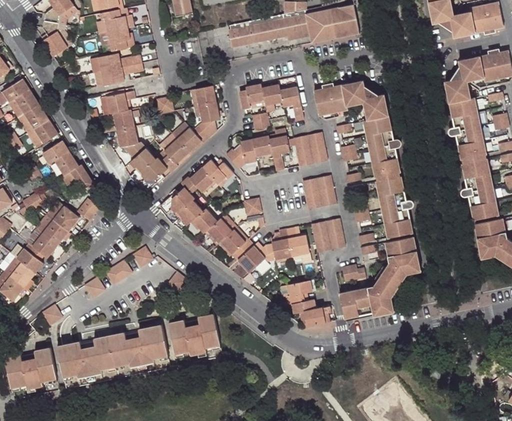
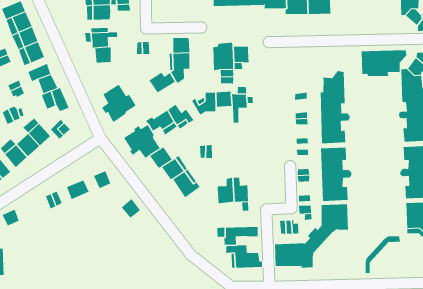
building: [314,79,365,115] -> [361,50,407,76]
building: [278,86,302,120] -> none
building: [115,127,144,160] -> none
building: [294,132,327,166] -> none
building: [161,140,187,172] -> none
building: [302,176,335,208] -> none
building: [311,219,344,251] -> none
building: [236,244,273,272] -> none
building: [386,264,421,311] -> [365,236,401,274]
building: [169,314,221,353] -> none
building: [57,324,168,377] -> none

